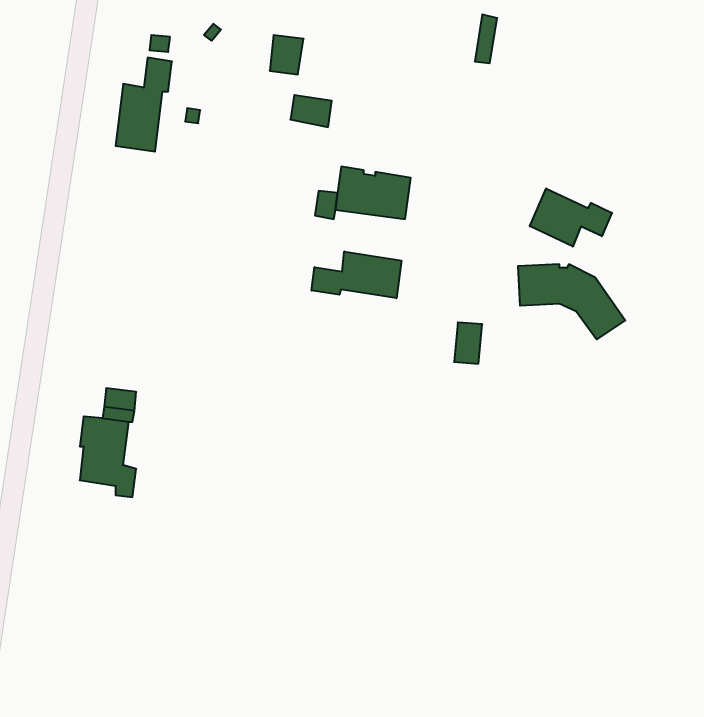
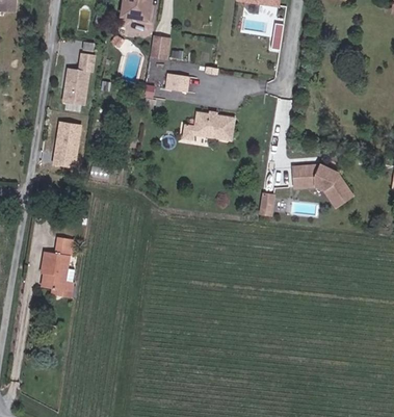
building: [530,188,612,247] -> none
building: none -> [48,125,76,171]
building: [312,251,401,298] -> none

